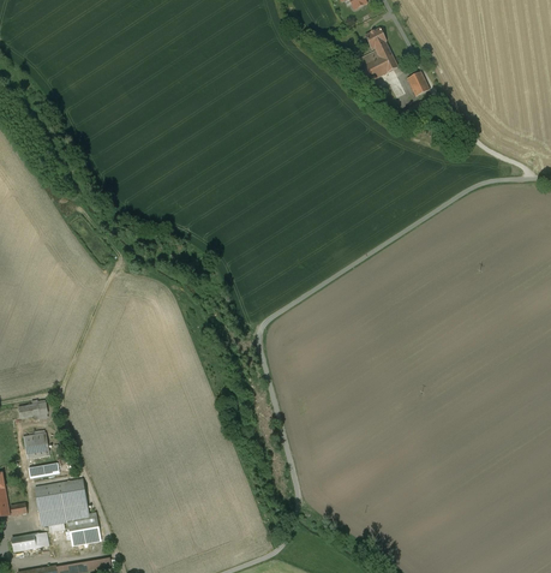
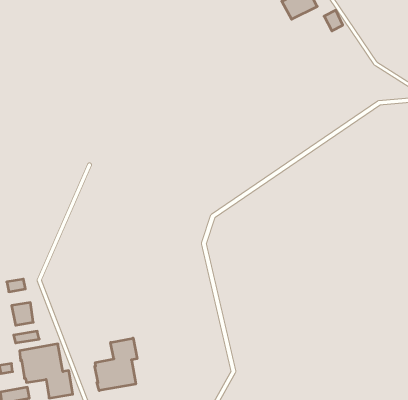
building: none -> [95,338,137,391]

